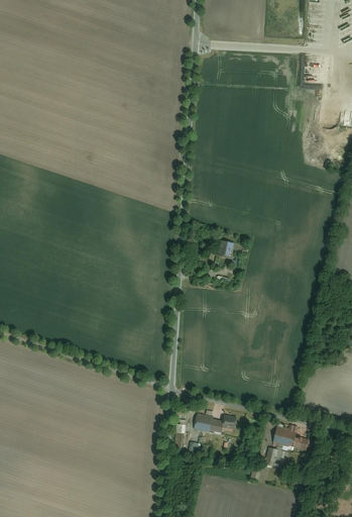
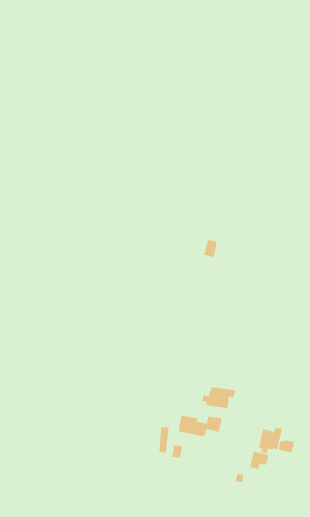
building: none -> [202,386,236,409]

